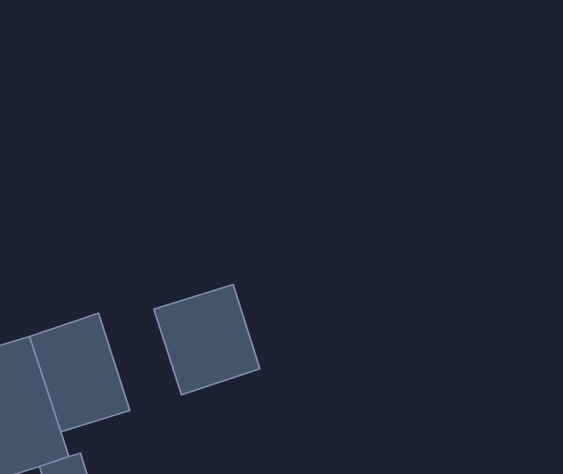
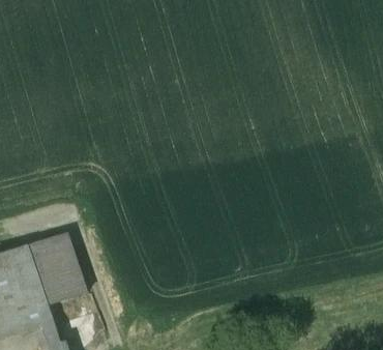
building: [154,284,260,395] -> none

